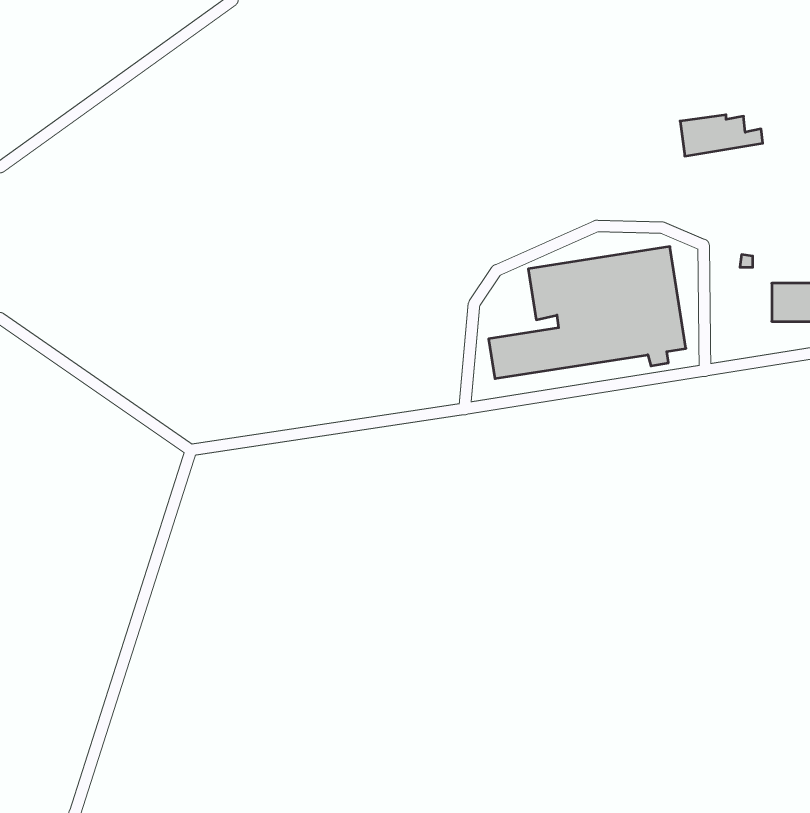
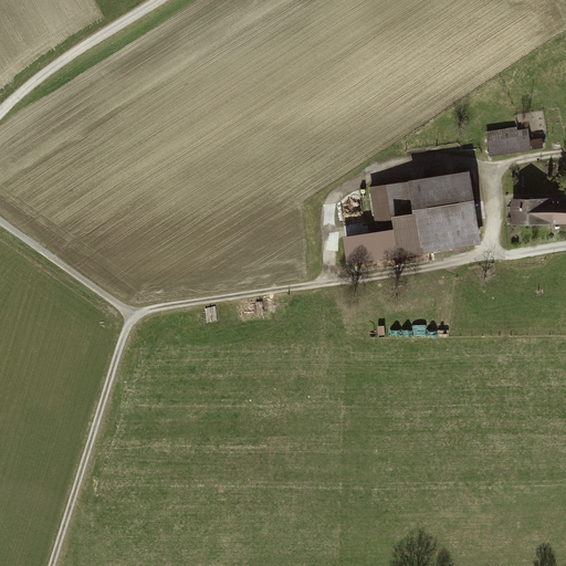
building: [680,115,763,156] -> [486,128,544,157]
building: none -> [509,197,538,223]

